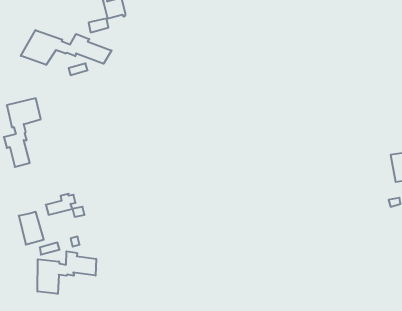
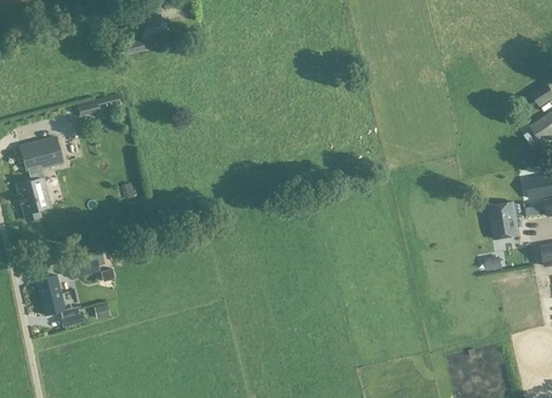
building: [21,30,112,65] -> none
building: [38,251,96,294] -> none

